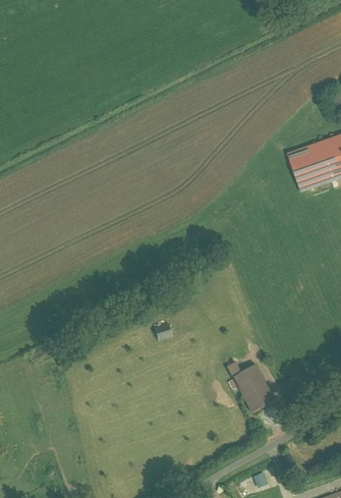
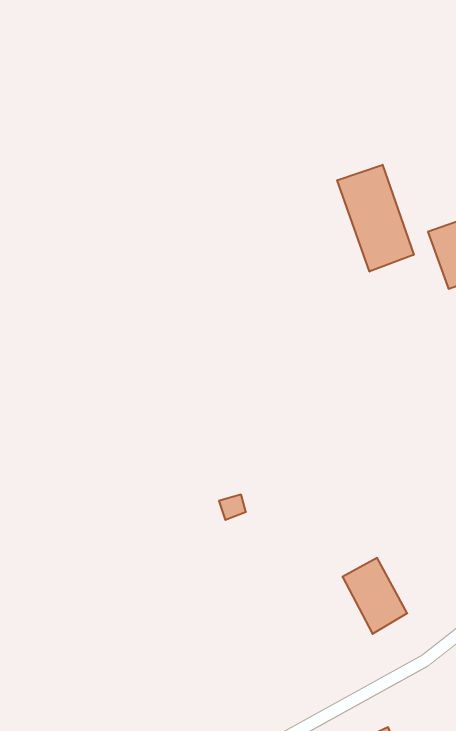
building: none -> [337,165,414,272]

